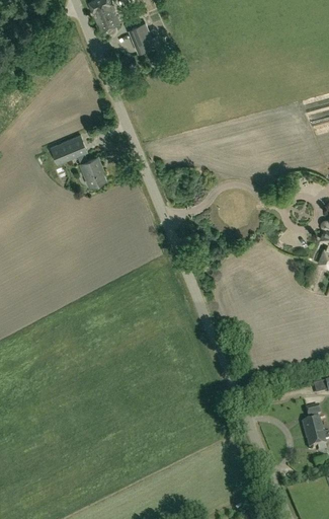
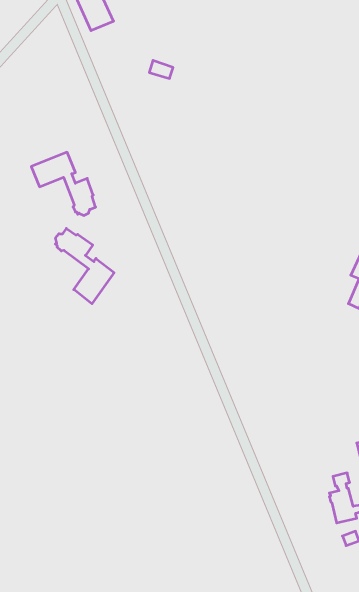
building: [130,23,156,54] -> none
building: none -> [55,228,114,304]

